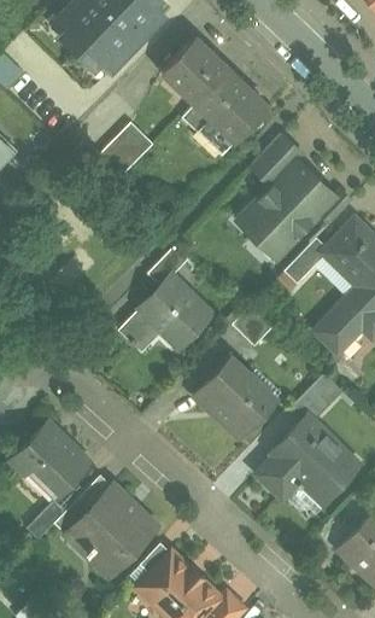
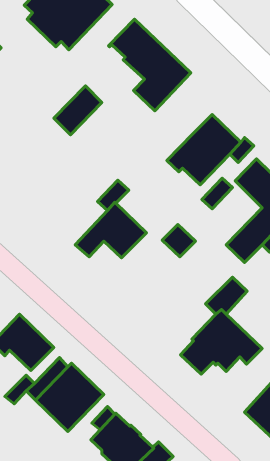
building: [251,135,301,186] -> none
building: [193,356,275,439] -> none

